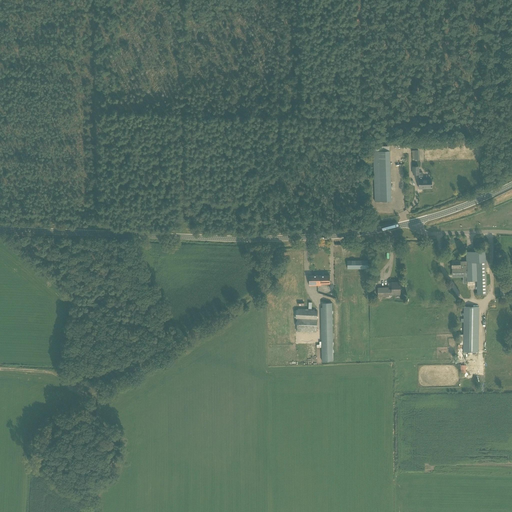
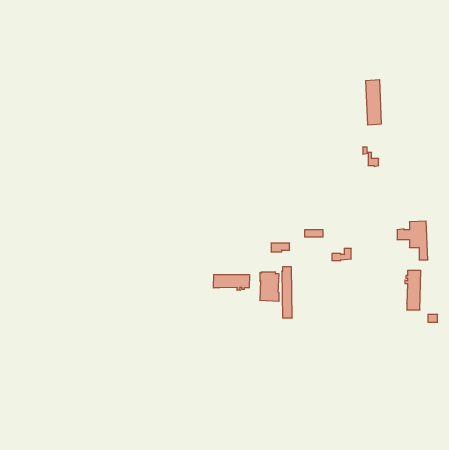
building: [372,151,390,202] -> [366,80,381,125]
building: none -> [213,275,249,290]

